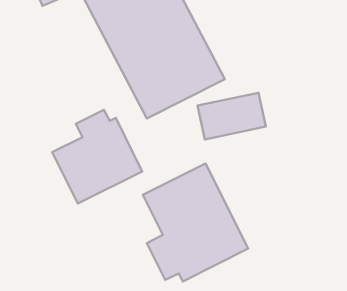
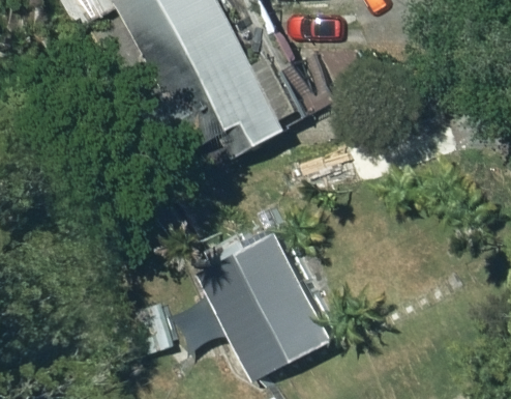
building: [52,110,142,204] -> none

